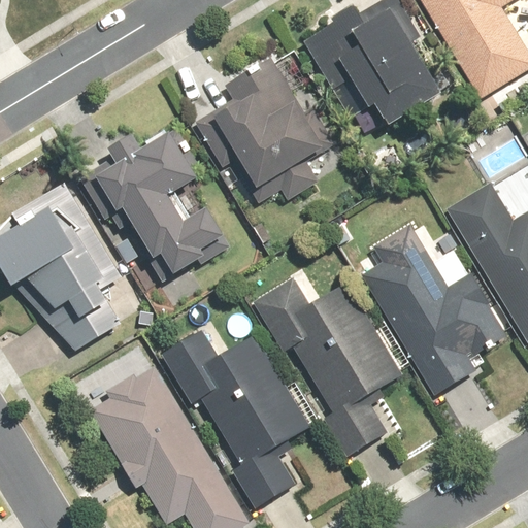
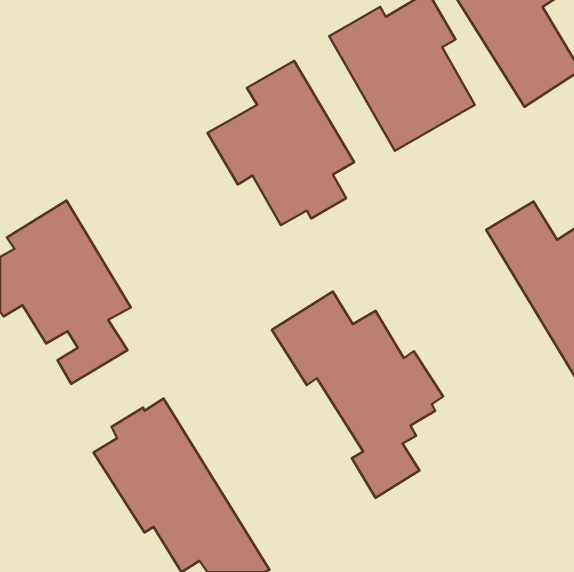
building: [91,128,230,276] -> none
building: [360,223,507,394] -> none
building: [161,320,309,506] -> none

